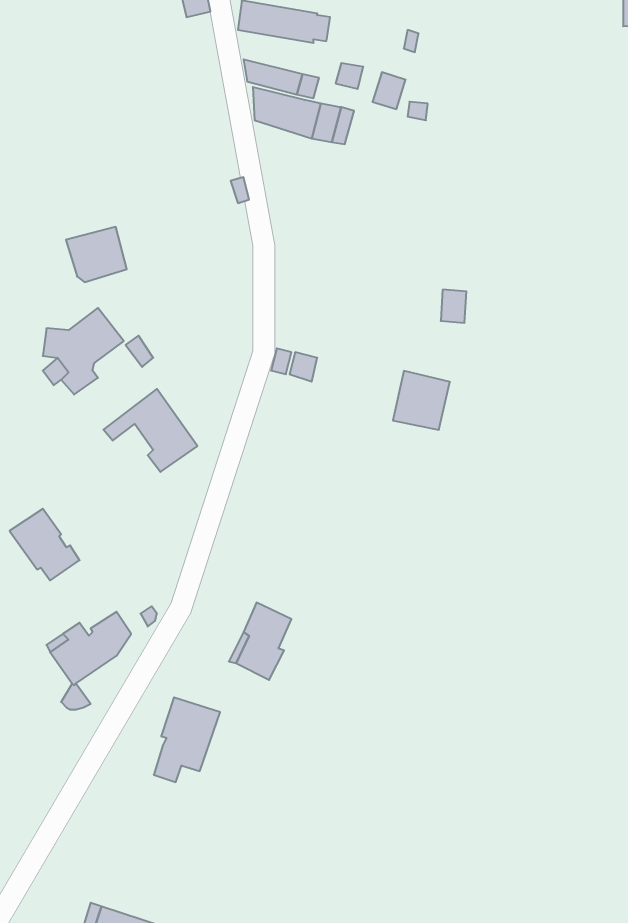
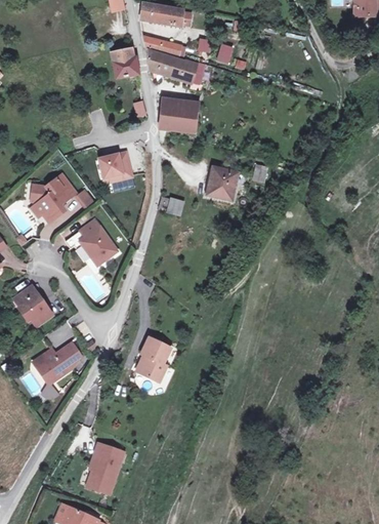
building: none -> [112,48,139,77]
building: none -> [160,102,199,139]
building: [66,227,127,282] -> [98,151,132,182]
building: [393,371,450,430] -> [207,166,239,199]
building: [154,697,220,782] -> [87,442,124,489]

